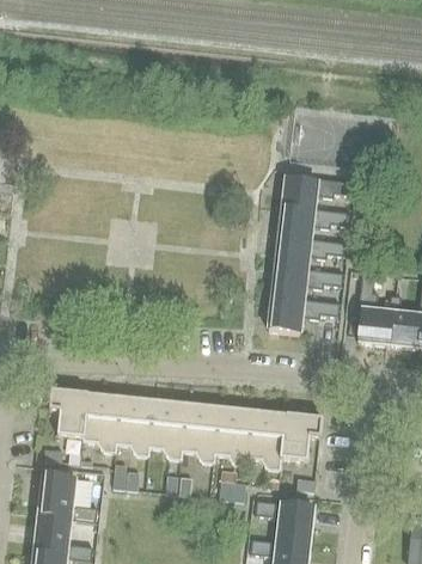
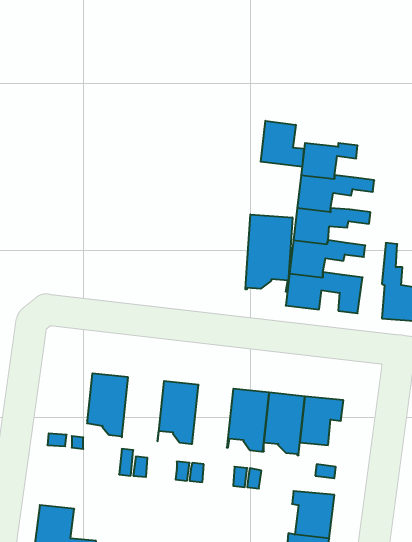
building: none -> [261,121,304,167]
building: none -> [245,214,292,292]
building: [49,388,87,436] -> none
building: [115,396,154,455] -> none
building: [181,403,219,461] -> none
building: [38,474,94,521] -> none

